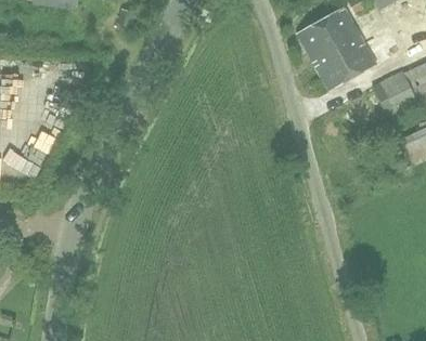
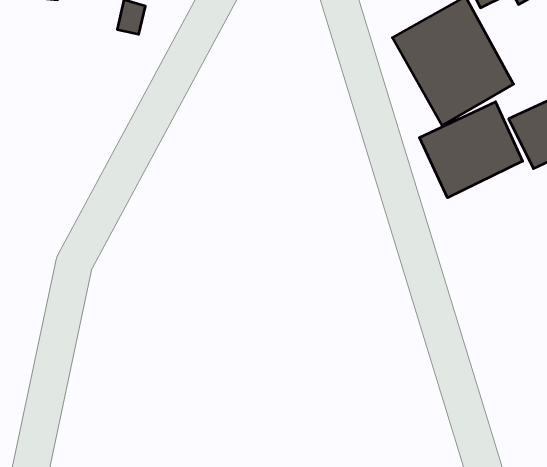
building: none -> [419,102,523,198]

